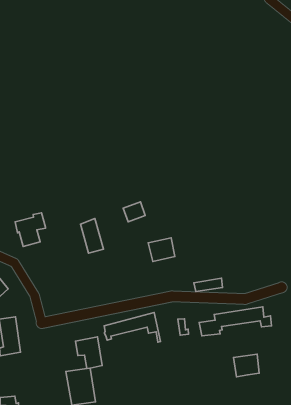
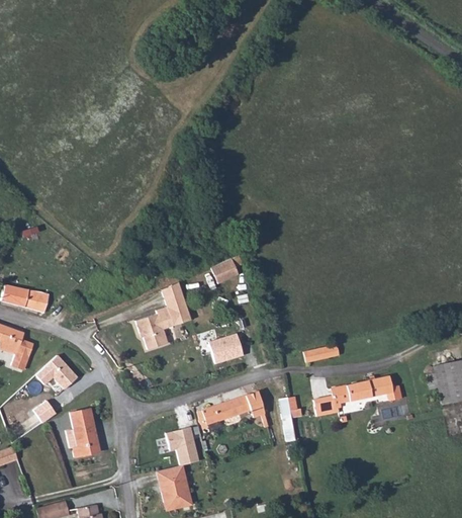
building: [15,213,45,246] -> [135,308,173,350]
building: [148,238,175,262] -> [209,333,243,363]
building: [233,354,259,377] -> none

